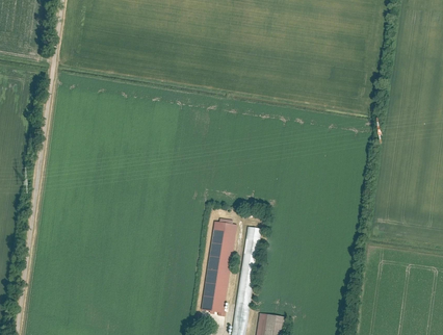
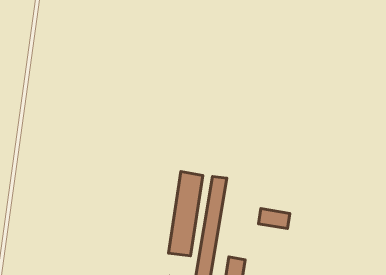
building: none -> [259,209,290,229]

